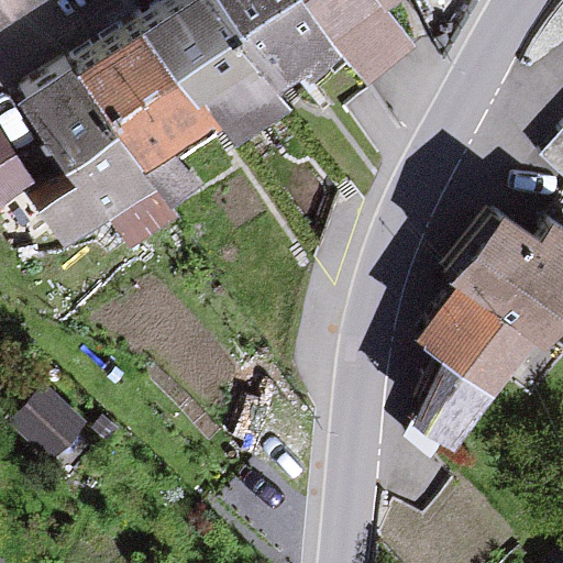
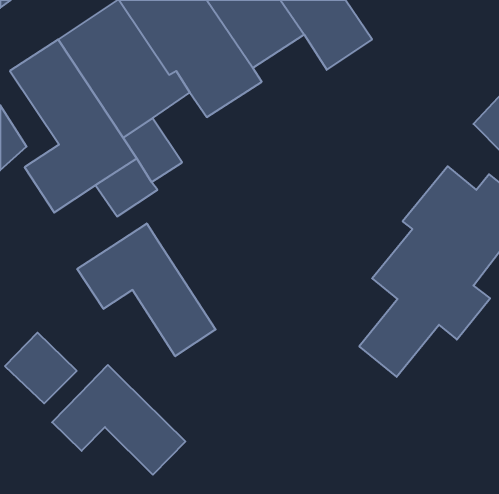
building: none -> [77,223,216,356]
building: none -> [52,365,185,475]

